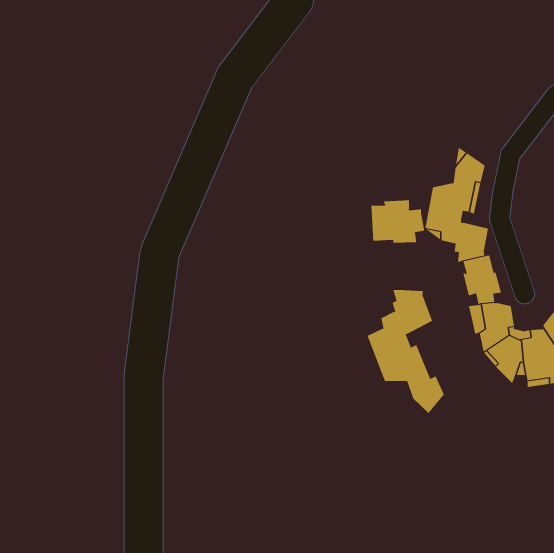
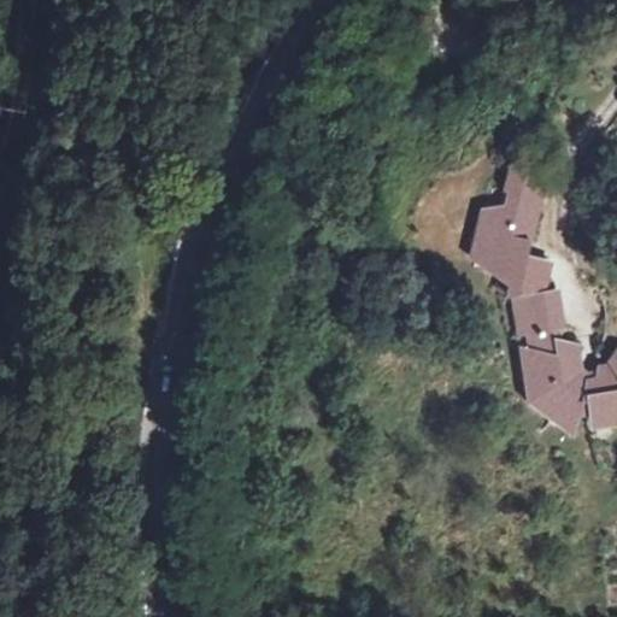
building: [371,199,425,243] -> none
building: [367,289,445,414] -> none

